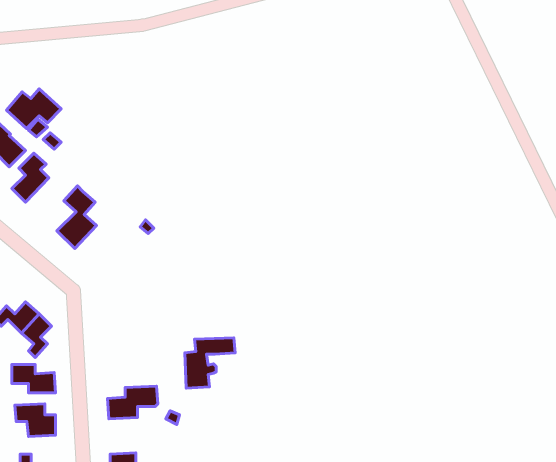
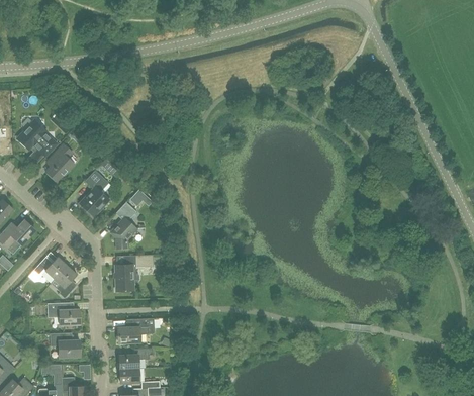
building: [7,89,61,129] -> none
building: none -> [111,202,136,247]
building: [185,338,235,388] -> [115,254,153,291]
building: none -> [118,346,153,369]

